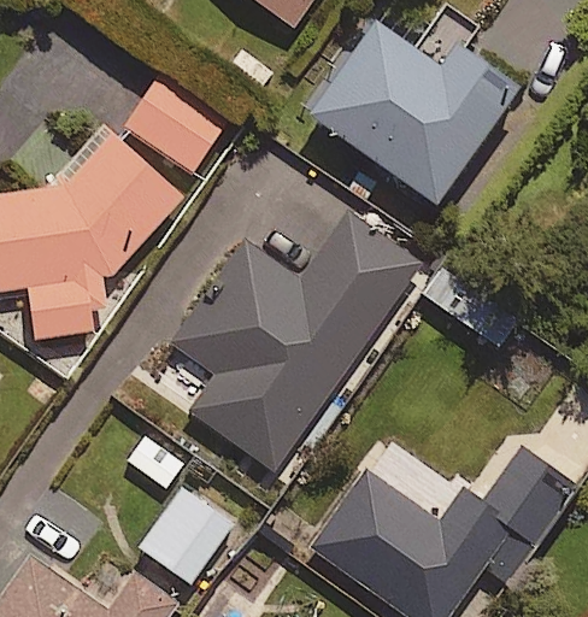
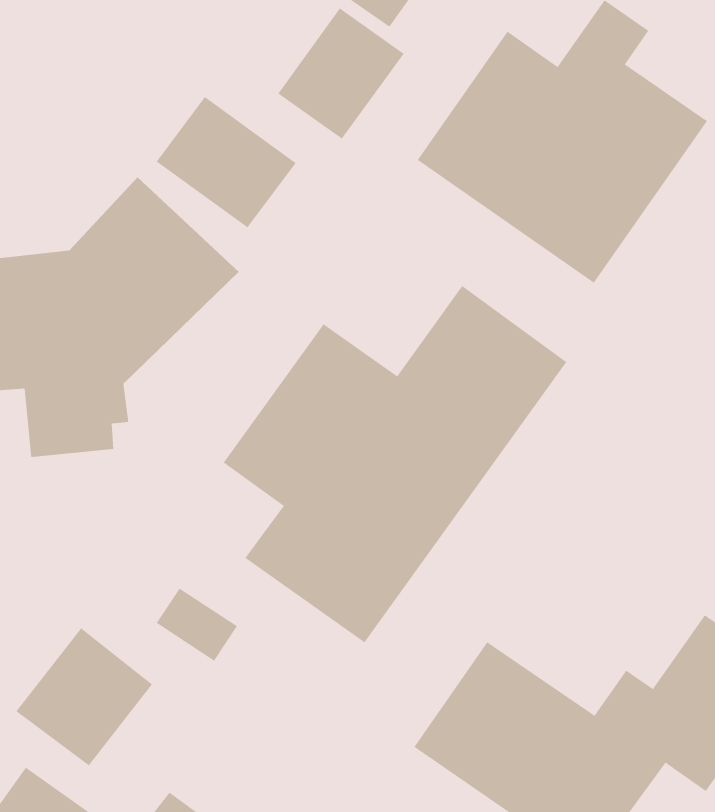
building: none -> [277,8,404,140]
building: [136,482,235,582] -> [16,627,153,766]

